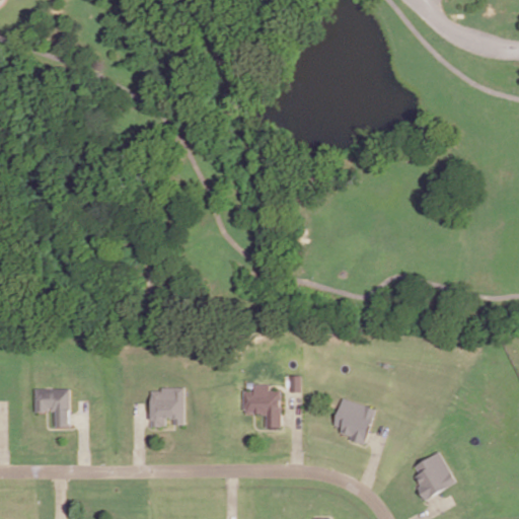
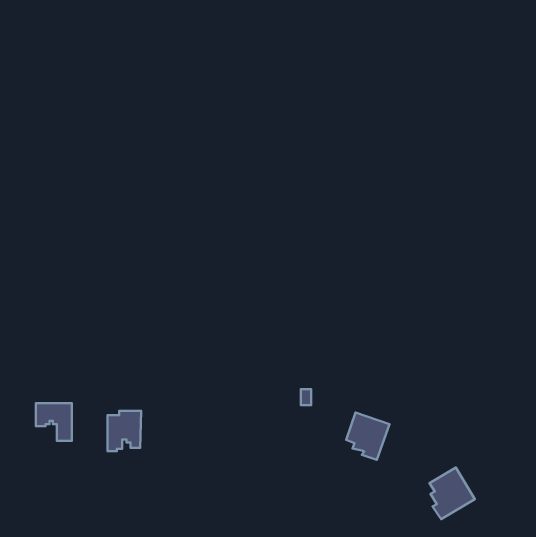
building: [242,385,278,426] -> none
building: [151,388,183,427] -> [107,411,141,451]

